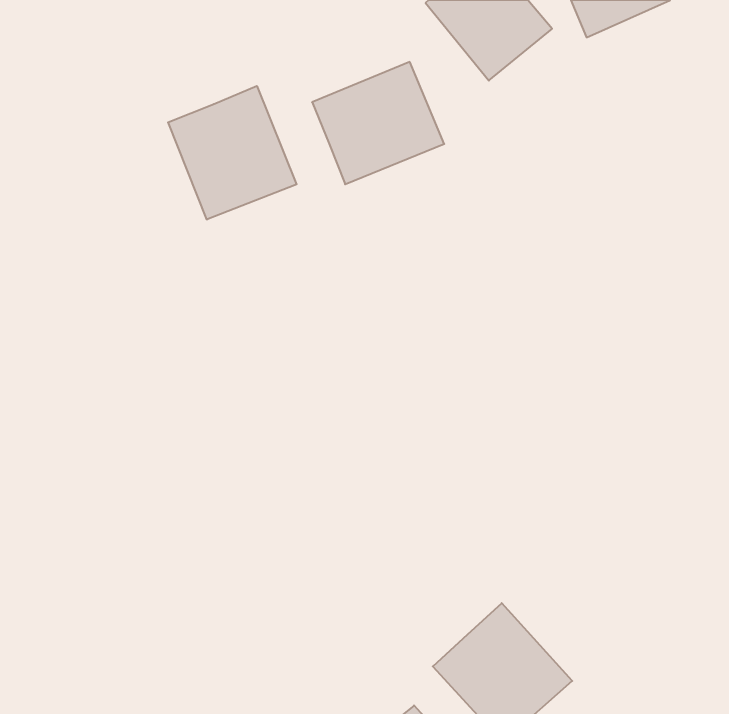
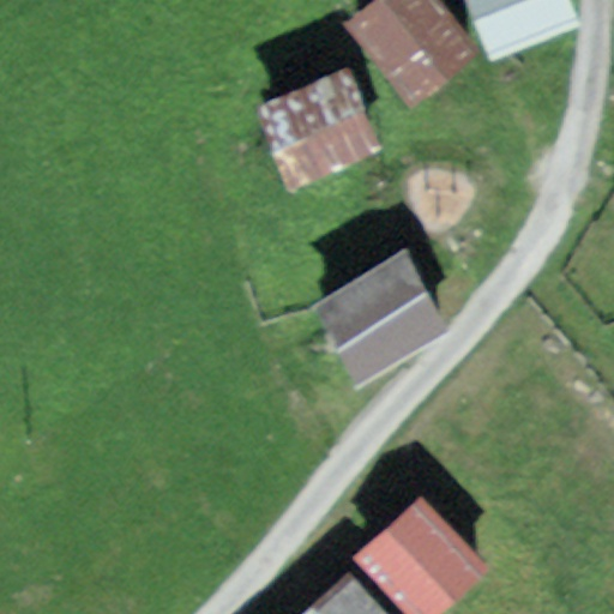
building: [168,86,297,220] -> none
building: none -> [324,249,439,359]

